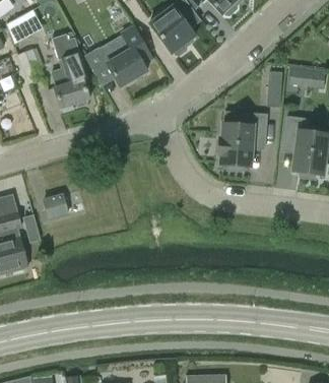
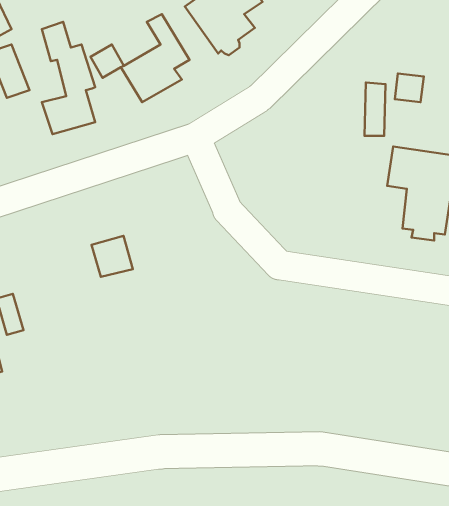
building: [218,113,267,171] -> none
building: [42,192,69,219] -> [92,236,133,277]

